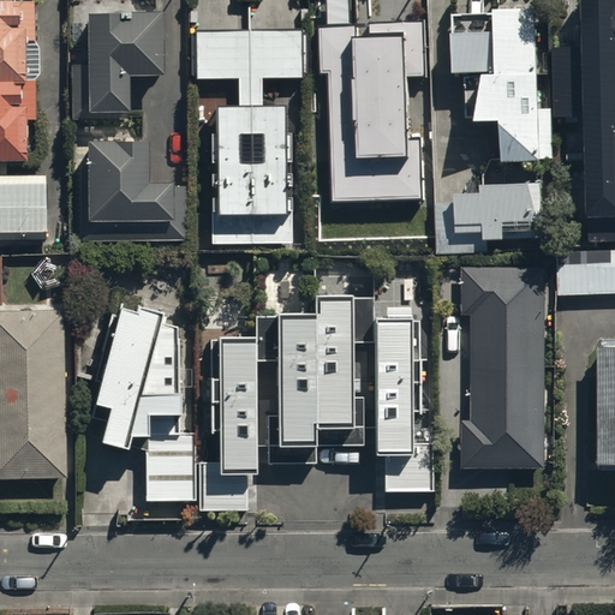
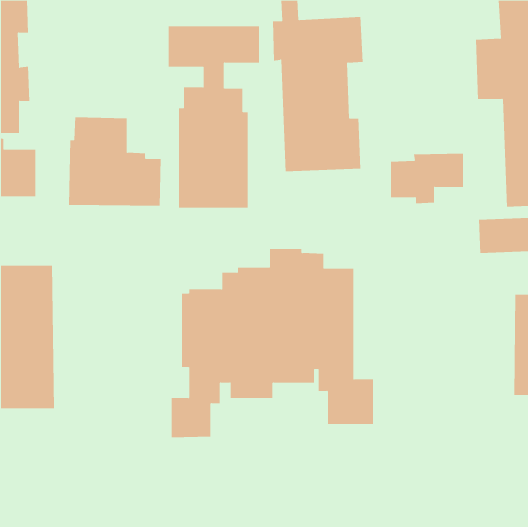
building: [449,7,541,159] -> none
building: [71,12,165,121] -> none
building: [461,265,544,466] -> none
building: [94,305,193,500] -> none

